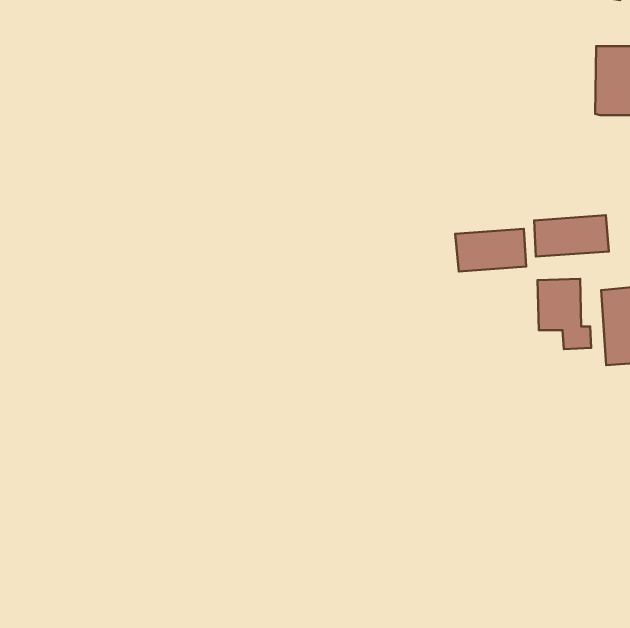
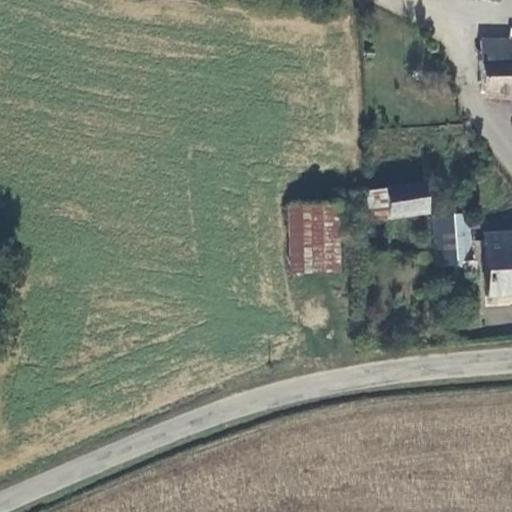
building: [534,215,609,257] -> none
building: none -> [290,203,338,269]

